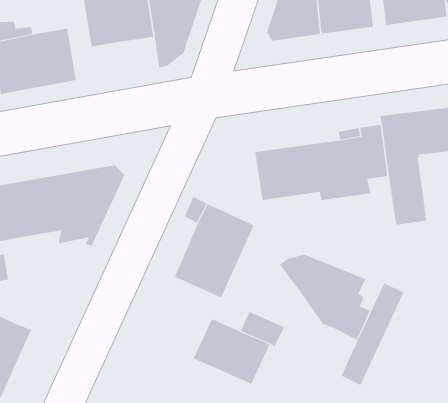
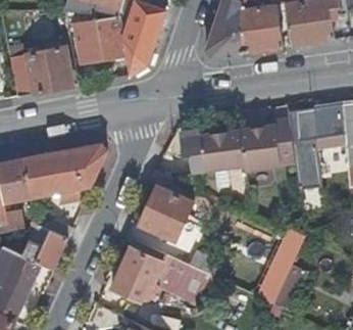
building: [279,254,370,340] -> none
building: none -> [27,217,71,269]
building: none -> [111,240,166,301]

